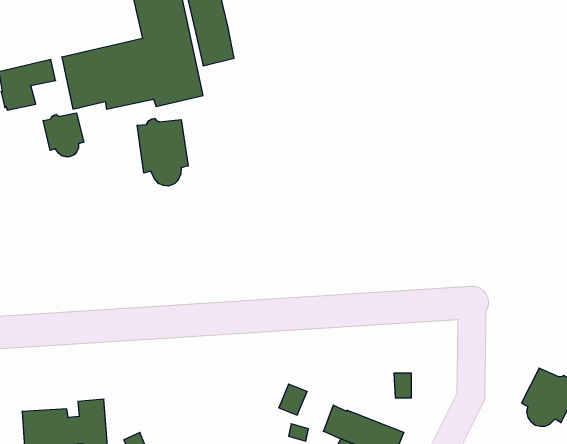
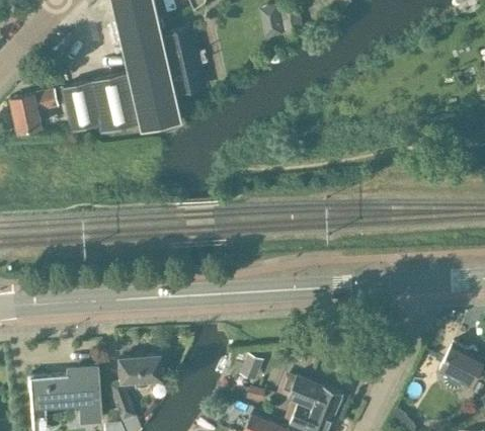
building: [43,113,84,157] -> none
building: [137,118,188,186] -> none
building: none -> [118,356,162,387]

